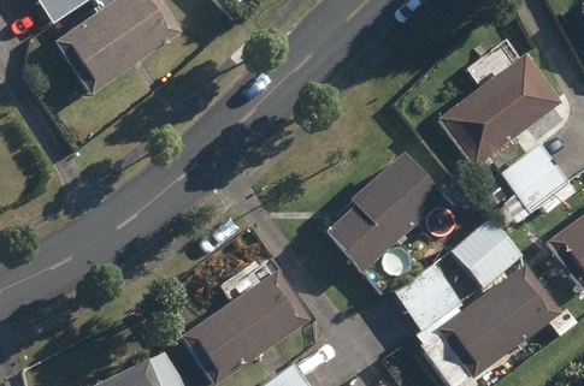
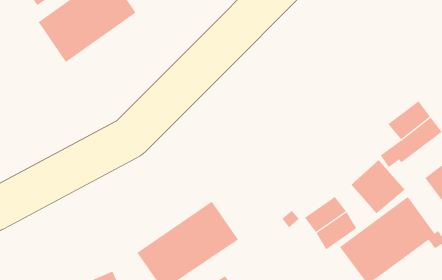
building: [438,53,562,167] -> none
building: [330,154,444,271] -> none

